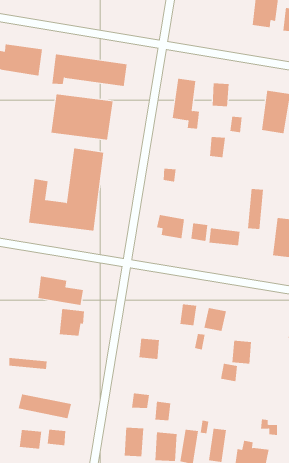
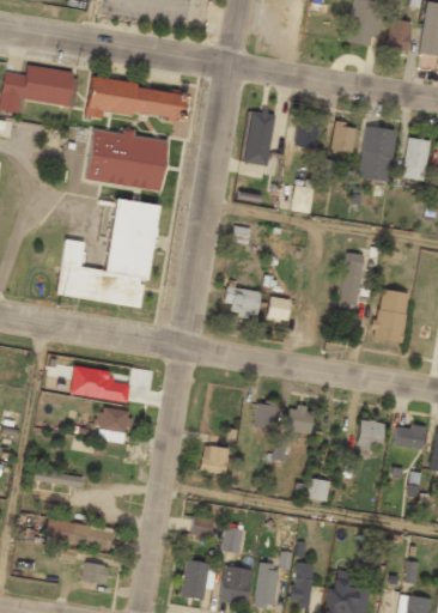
building: none -> [331,123,357,152]
building: [209,227,240,246] -> none
building: [232,340,252,364] -> [358,420,384,451]
building: [19,429,42,450] -> none

